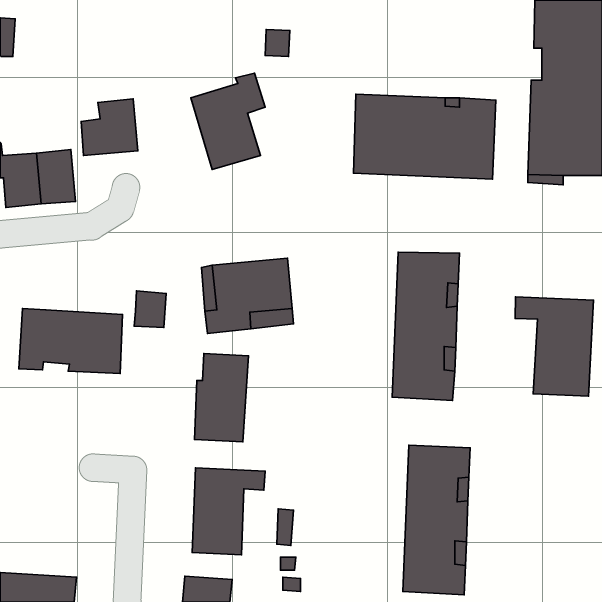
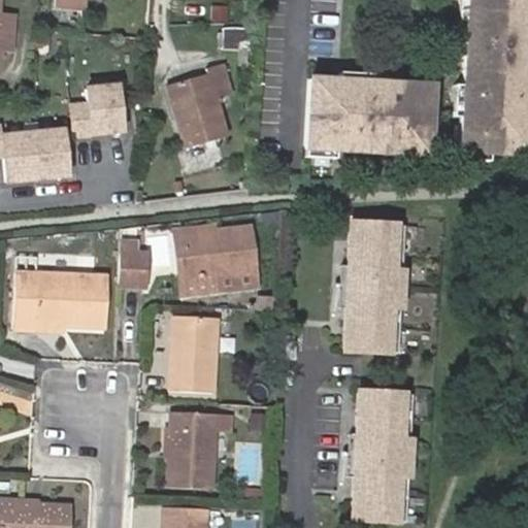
building: [515,297,593,396] -> none

